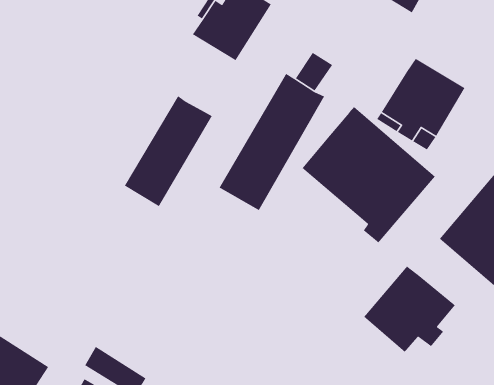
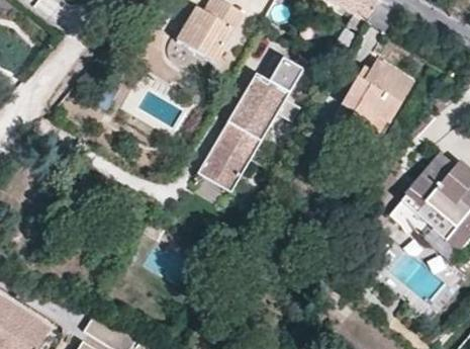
building: [124,95,213,207] -> none
building: [302,106,436,243] -> none
building: [363,265,456,353] -> none

